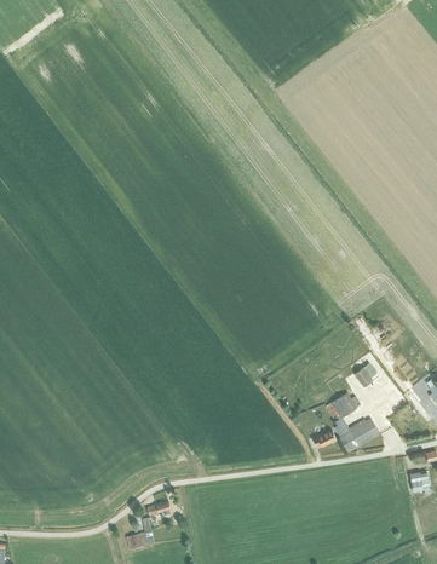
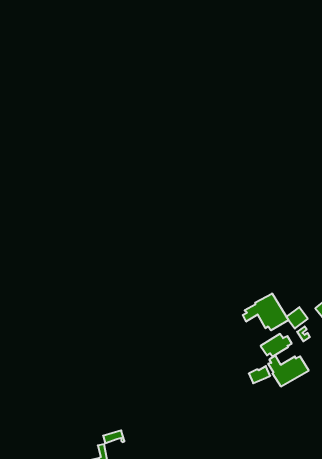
building: none -> [243,293,288,330]

